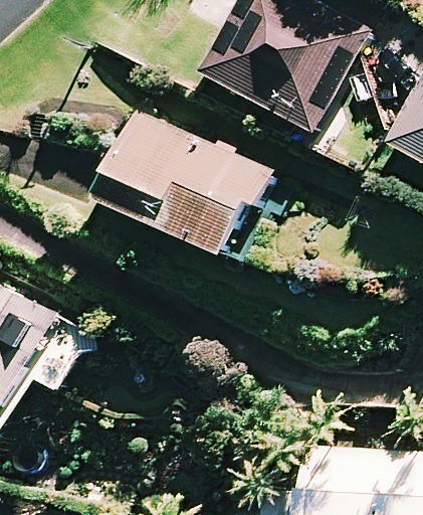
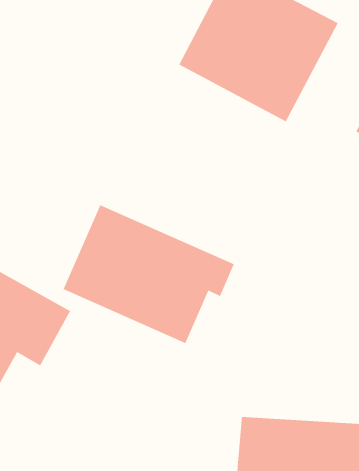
building: [92,110,273,256] -> [63,204,235,344]

